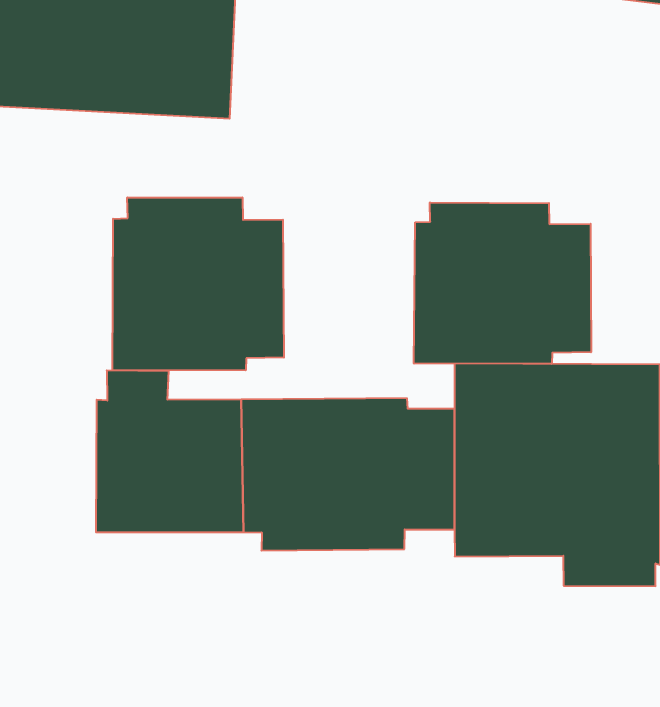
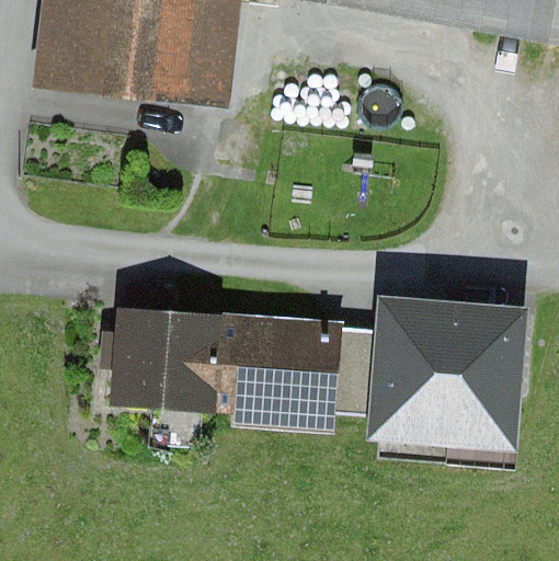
building: [112,197,284,370] -> none
building: [414,202,591,364] -> none

